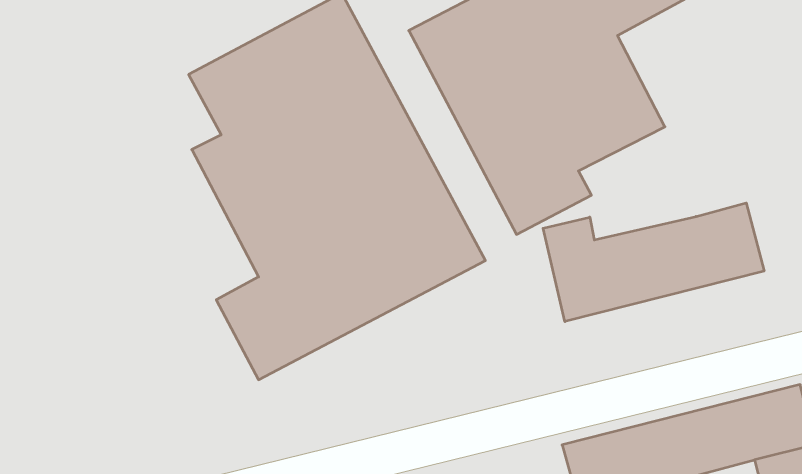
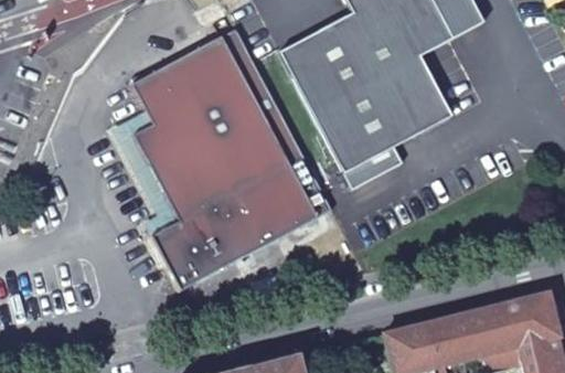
building: [543,203,764,322] -> none

